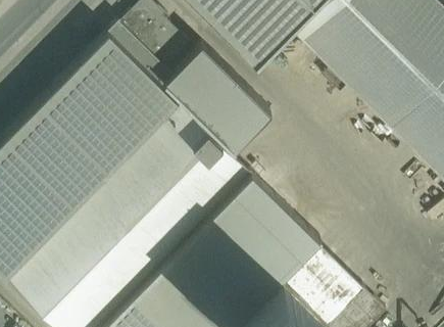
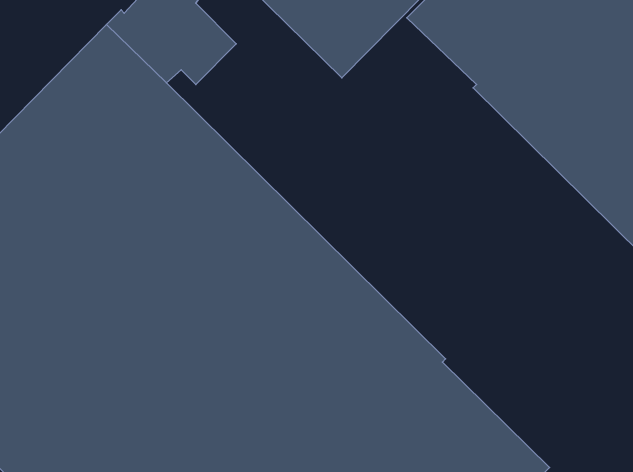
building: [165,46,272,152] -> none

